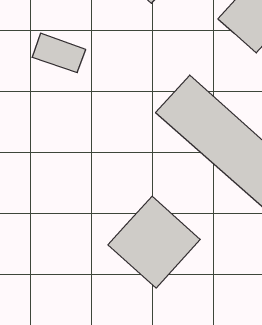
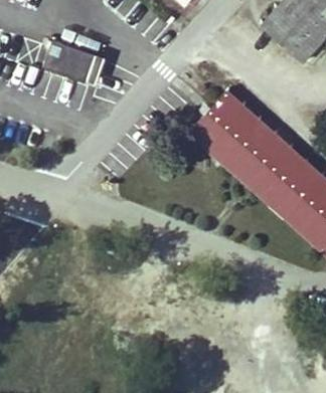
building: [108,196,200,288] -> none

